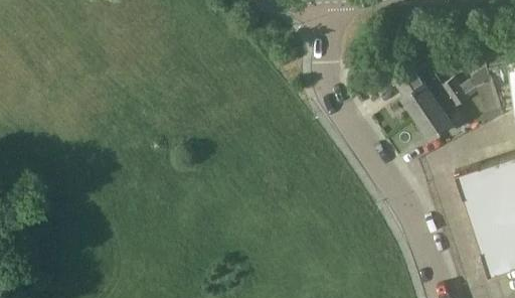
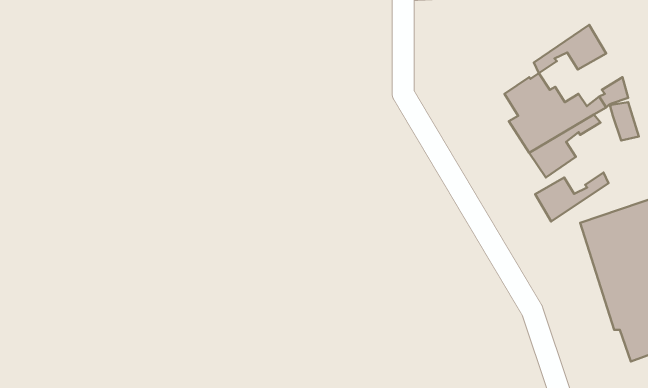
building: none -> [534,25,606,73]
building: none -> [535,173,608,221]

